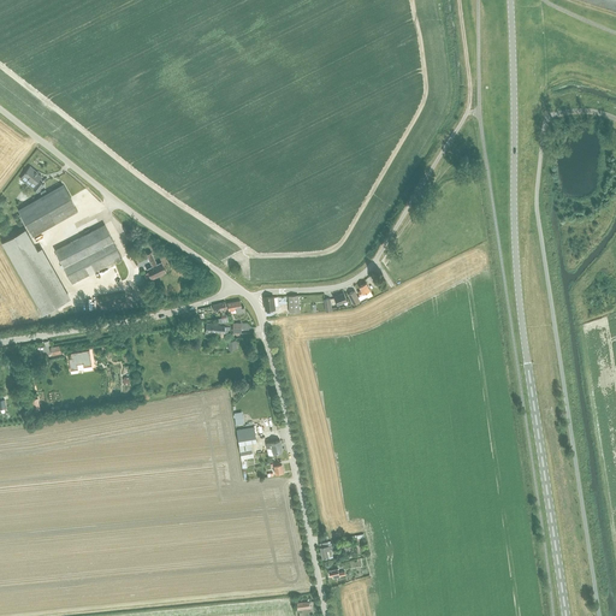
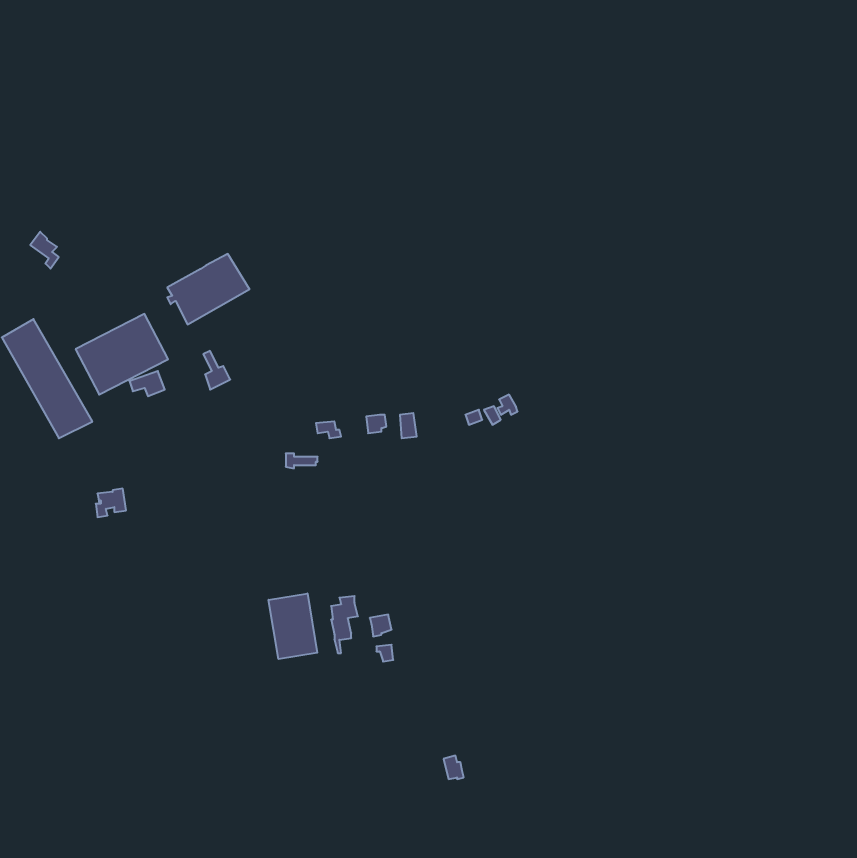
building: [18,185,77,236] -> [167,254,250,324]
building: none -> [269,593,317,659]

